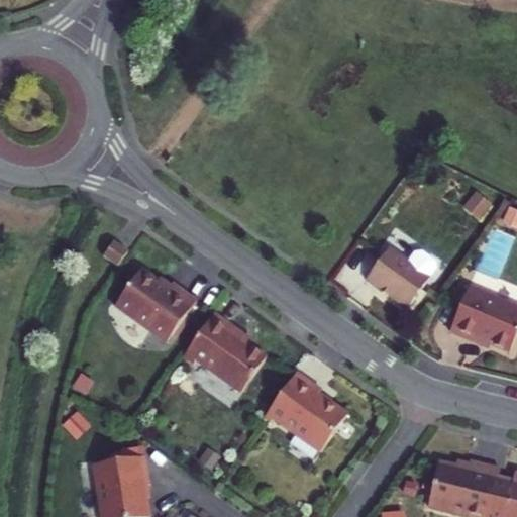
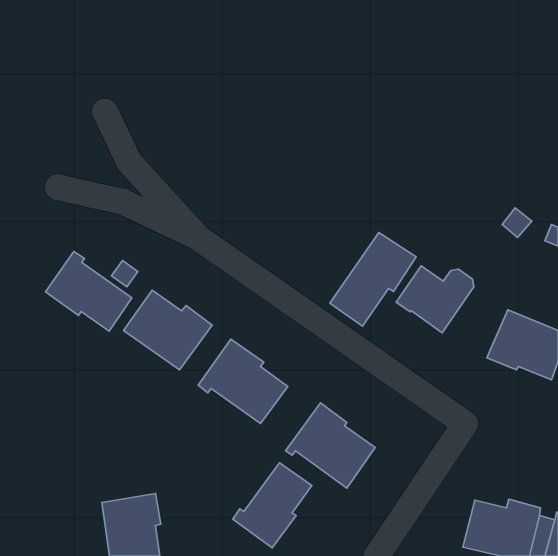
building: none -> [330,232,416,326]
building: none -> [46,252,132,331]
building: none -> [233,463,312,548]

